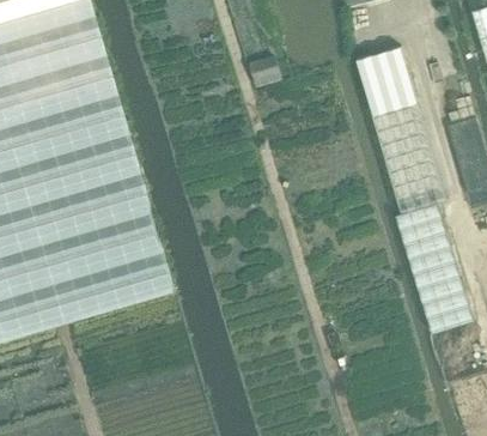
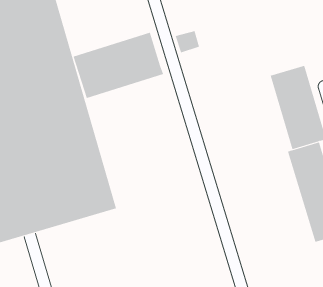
building: [355,47,416,115] -> none
building: none -> [73,32,164,99]

